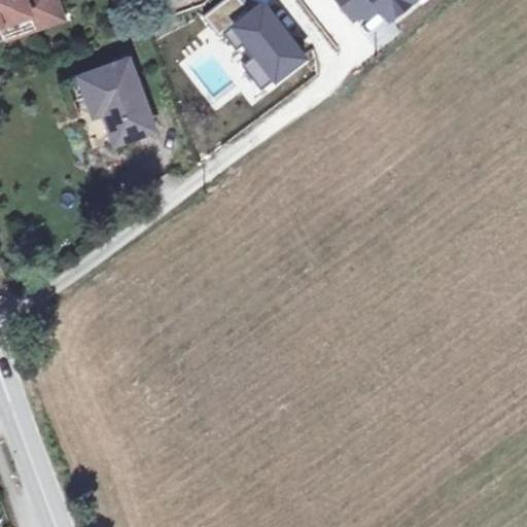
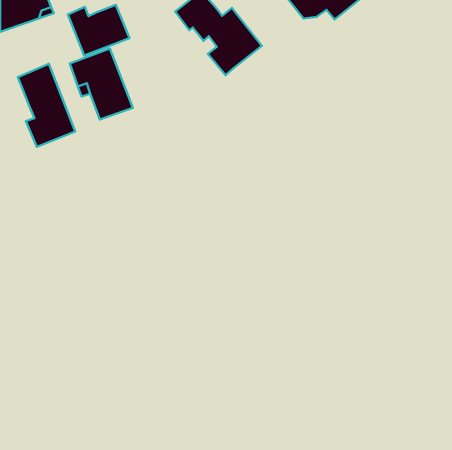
building: none -> [68,5,130,56]
building: none -> [18,64,75,147]

